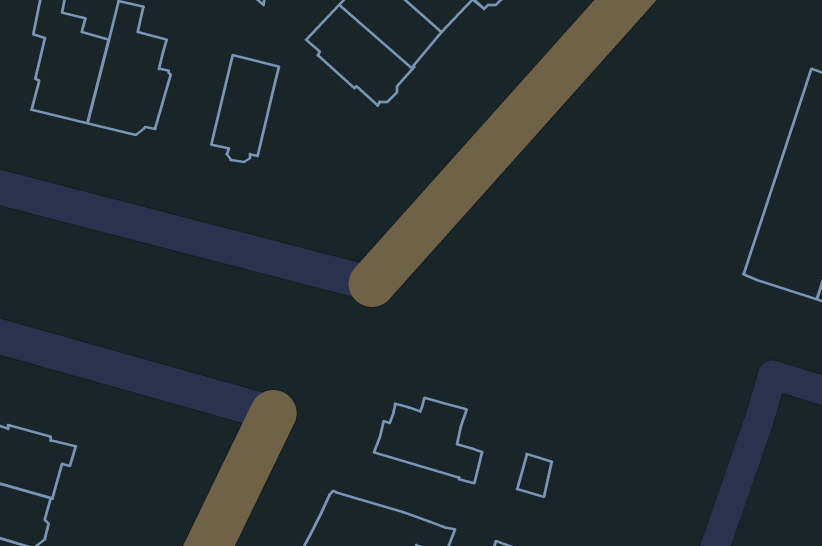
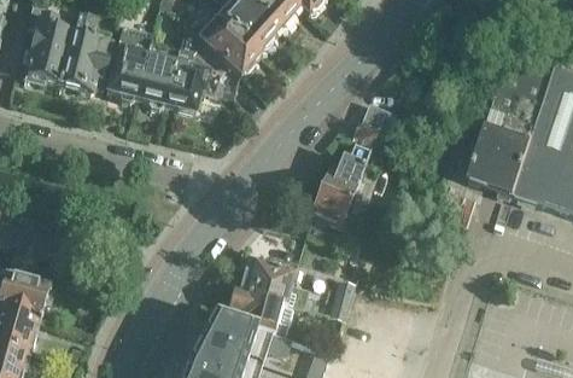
building: none -> [166,23,227,112]
building: none -> [107,35,151,101]
building: none -> [312,101,396,223]
building: none -> [224,289,292,337]

